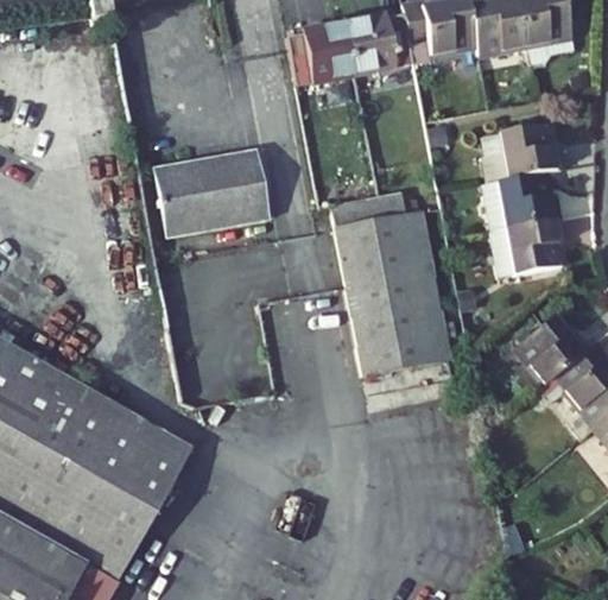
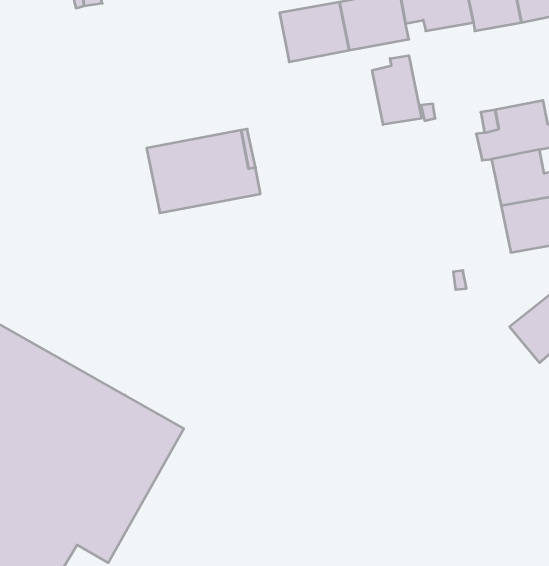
building: none -> [372,56,421,125]
building: [330,191,454,386] -> none

